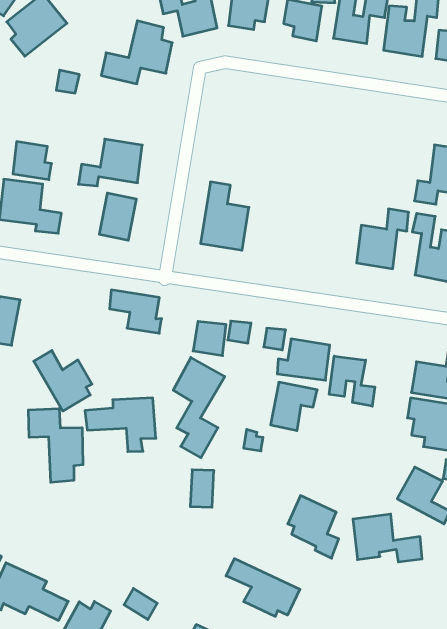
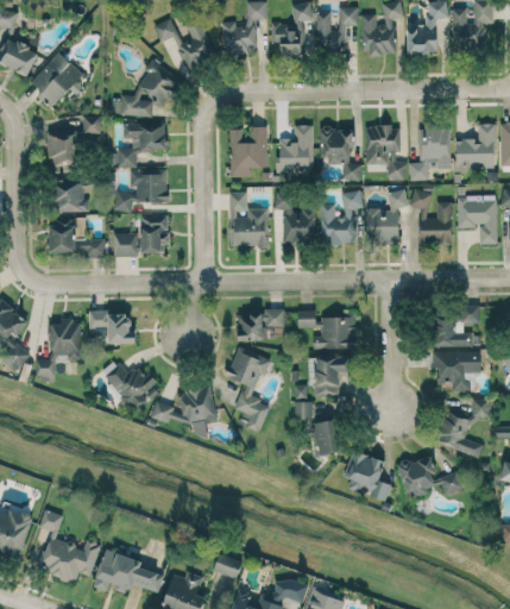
building: none -> [48,131,76,165]
building: none -> [117,123,166,168]
building: none -> [231,126,267,176]
building: none -> [276,125,313,172]
building: none -> [321,128,360,180]
building: none -> [364,126,405,178]
building: none -> [275,192,315,243]
building: none -> [320,192,361,244]
building: none -> [113,232,138,257]
building: [110,290,162,333] -> [88,313,136,344]
building: [329,356,375,406] -> none
building: [28,408,83,482] -> none
building: [190,470,214,507] -> [315,420,338,454]
building: [226,559,300,616] -> none

